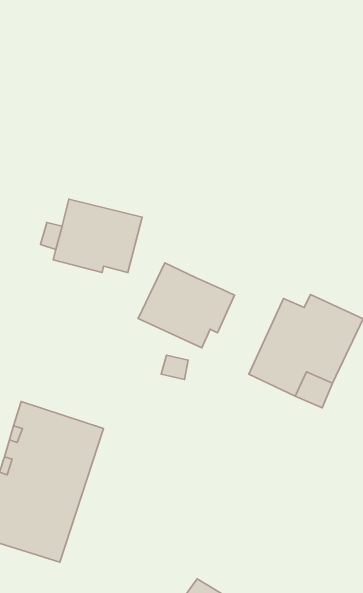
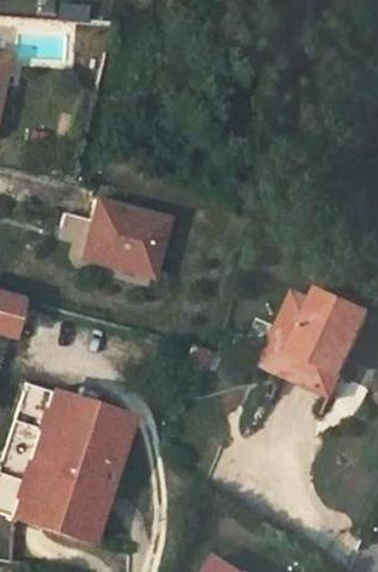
building: [138,263,234,348] -> none

